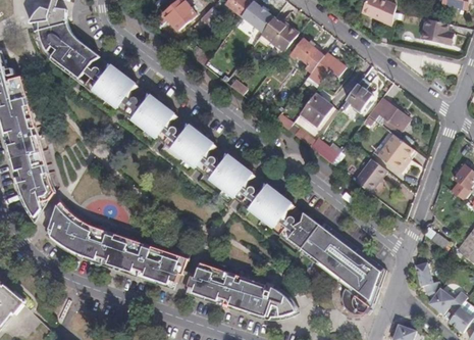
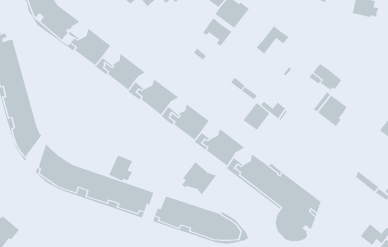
building: [289,39,325,74] -> [202,17,232,47]
building: [347,81,373,112] -> none
building: [299,95,331,129] -> [243,102,270,131]
building: [354,159,386,195] -> none
building: none -> [109,155,133,182]
building: none -> [181,161,217,195]
building: [415,263,440,299] -> none

